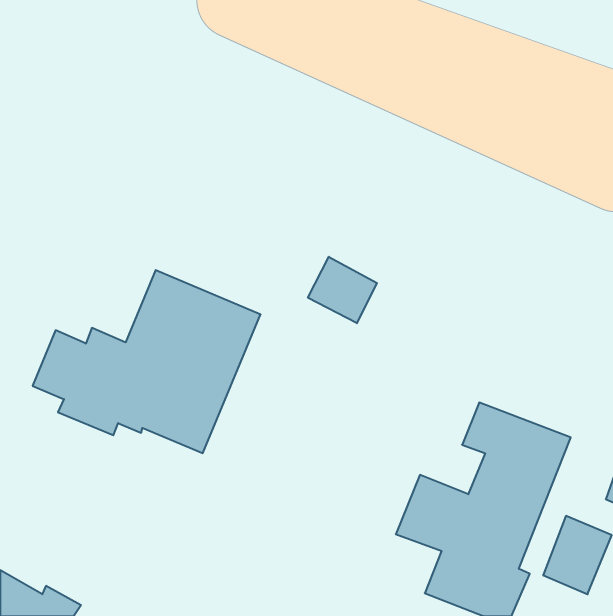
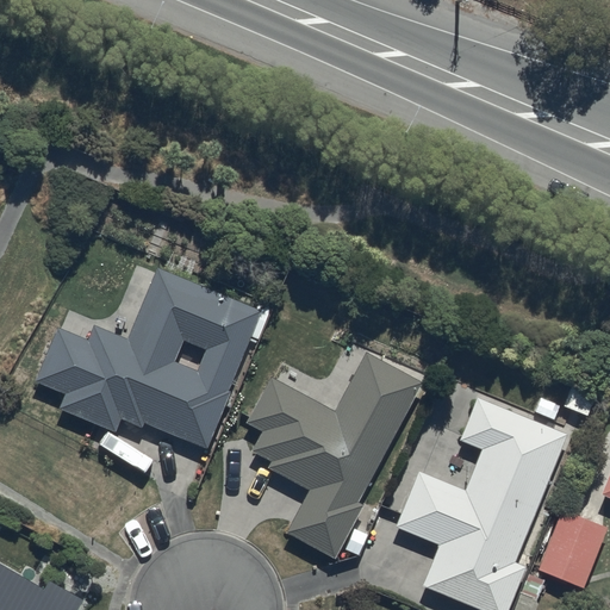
building: [308,257,377,323] -> none
building: none -> [247,353,422,558]

